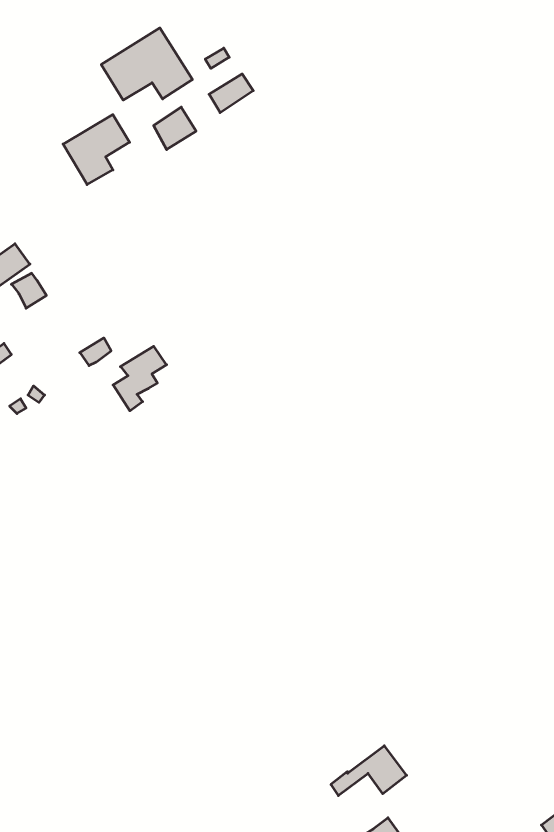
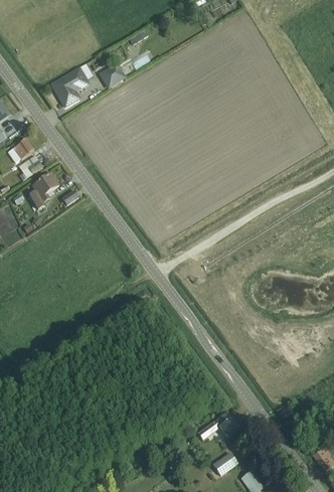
building: [101,28,192,100] -> none
building: [113,346,167,411] -> [28,174,57,209]

